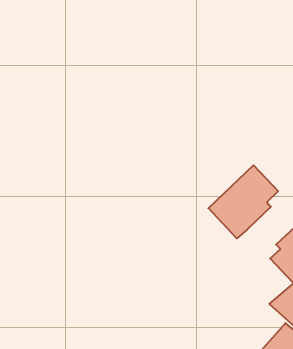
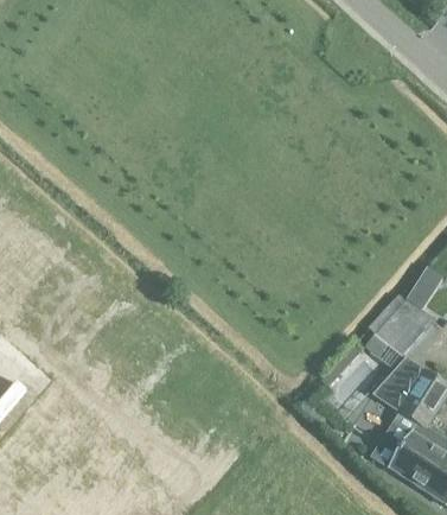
building: [208,165,278,238] -> none

